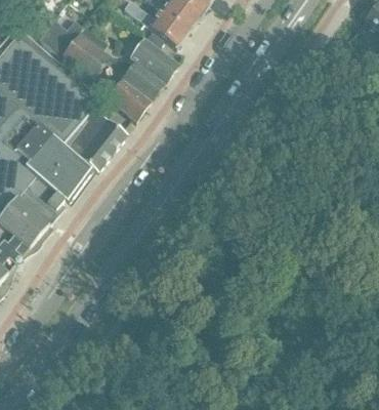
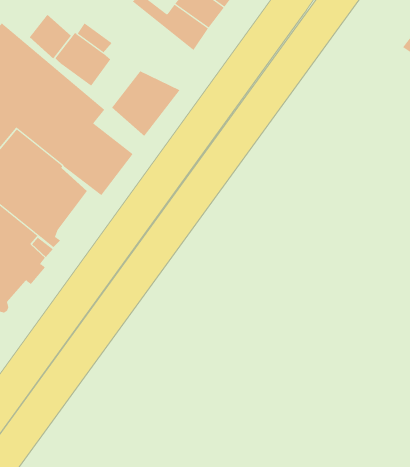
building: [130,38,177,81] -> none

